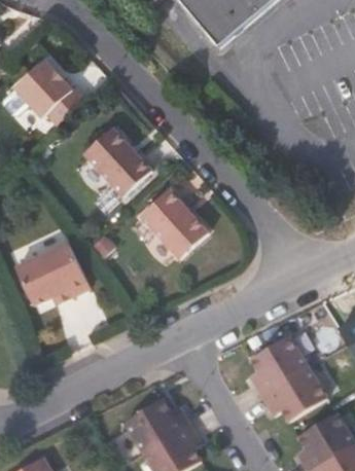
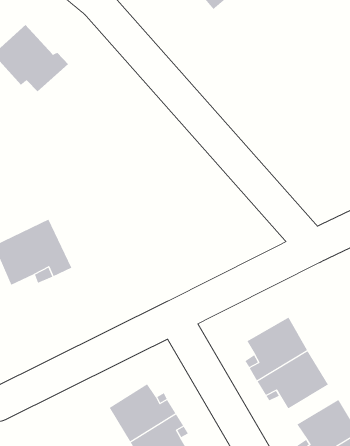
building: [83,128,150,196] -> none
building: [140,189,208,259] -> none

